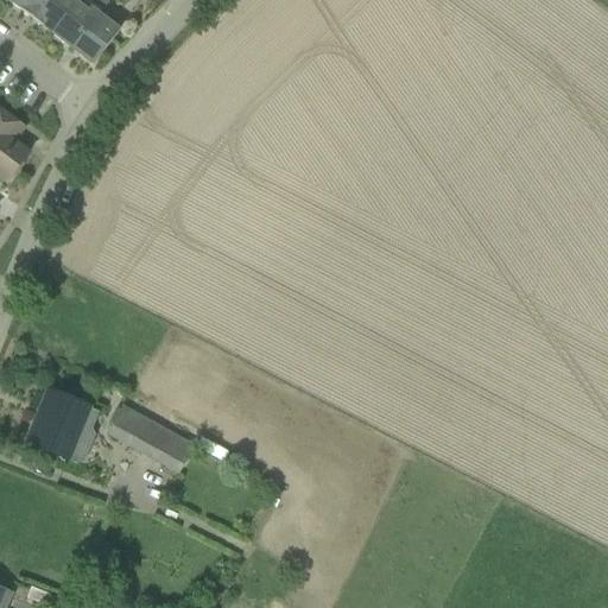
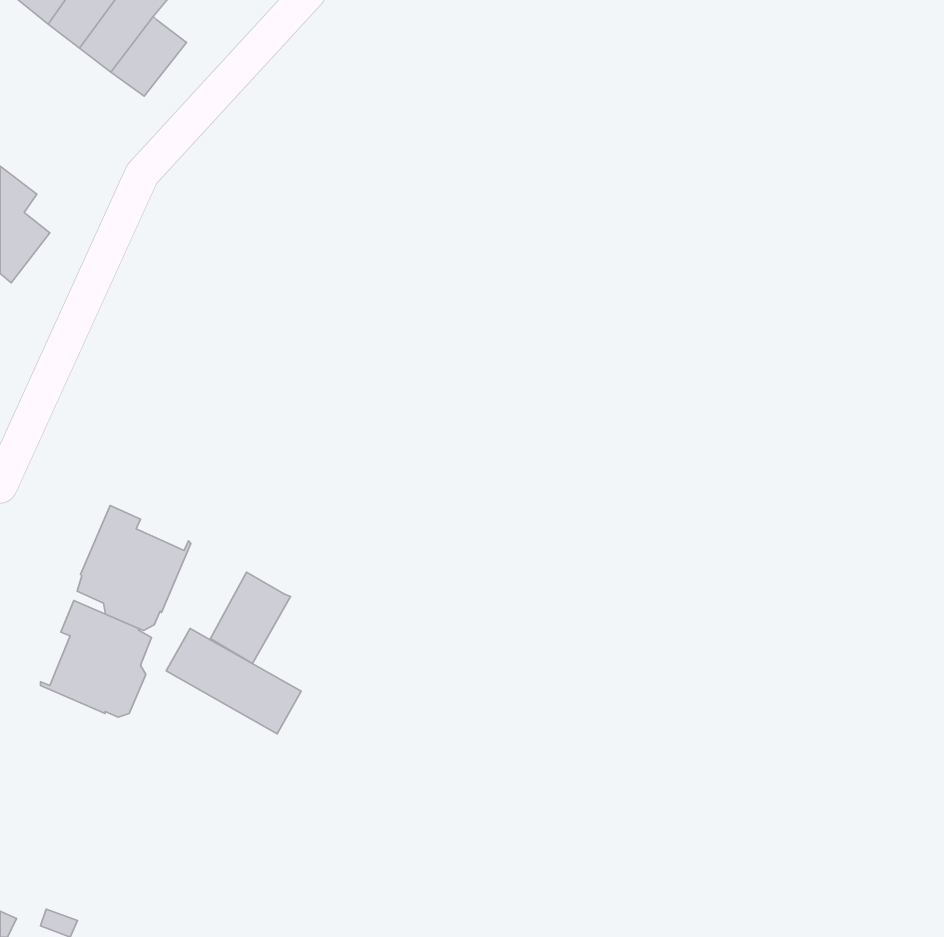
building: none -> [77,505,191,631]
building: none -> [211,572,290,664]

